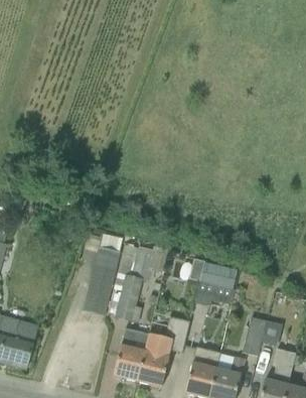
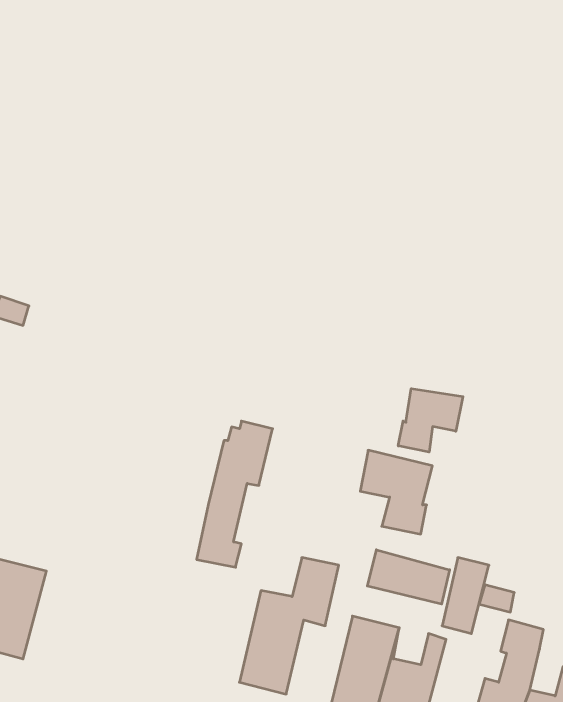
building: none -> [398,389,463,452]
building: [85,234,123,315] -> none
building: none -> [367,550,450,604]
building: [114,329,149,382] -> none

